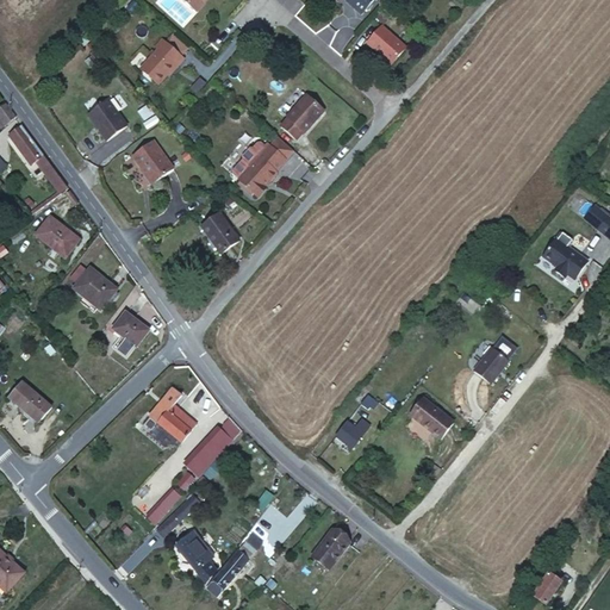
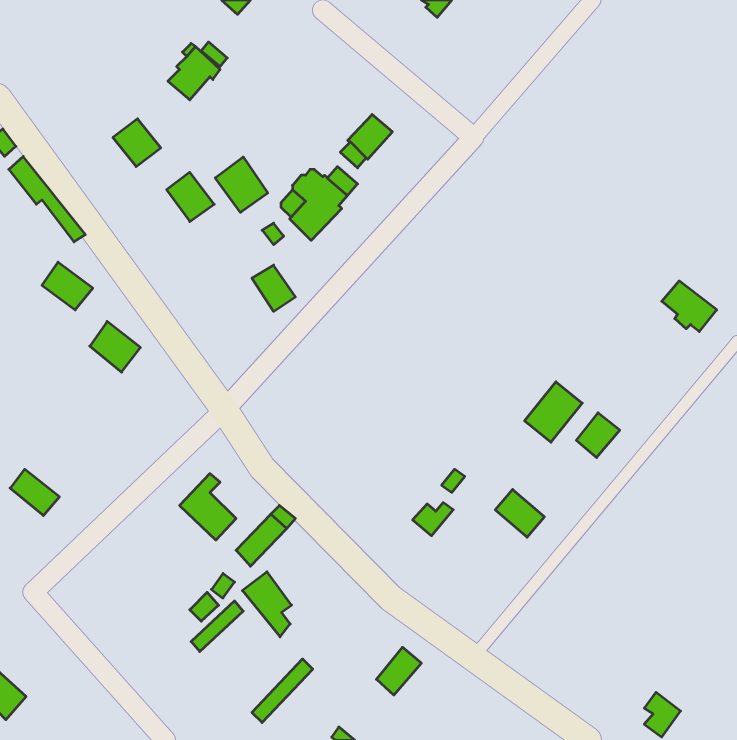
building: [368,25,405,61] -> none
building: none -> [215,157,268,212]
building: [114,307,149,341] -> none
building: none -> [525,382,582,442]
building: [176,528,217,581] -> [242,572,292,637]

